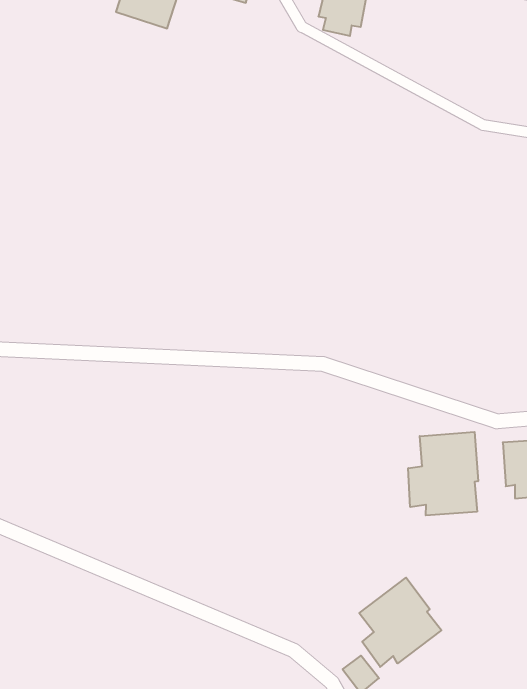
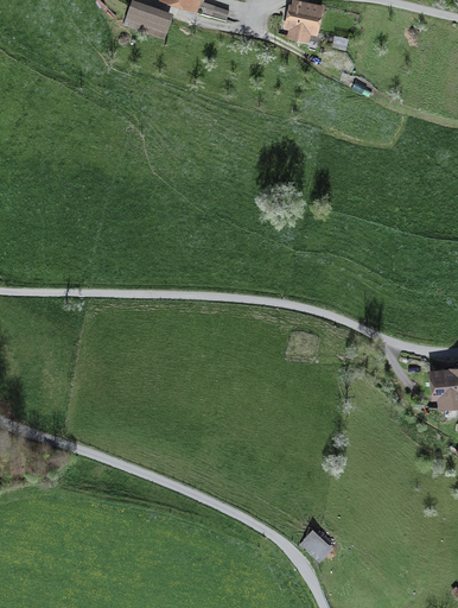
building: [408,432,478,515] -> none
building: [359,578,441,667] -> none

